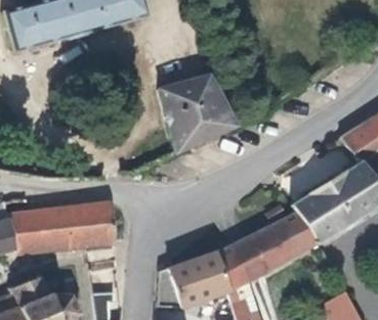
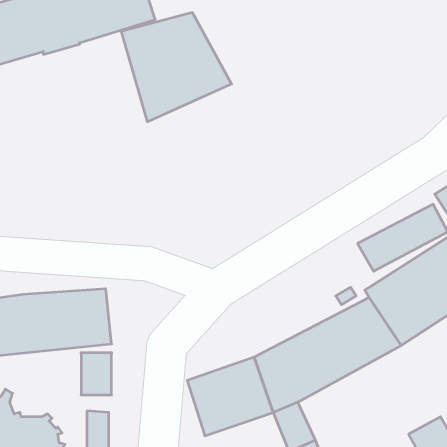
building: [158,76,236,152] -> [121,13,232,122]

